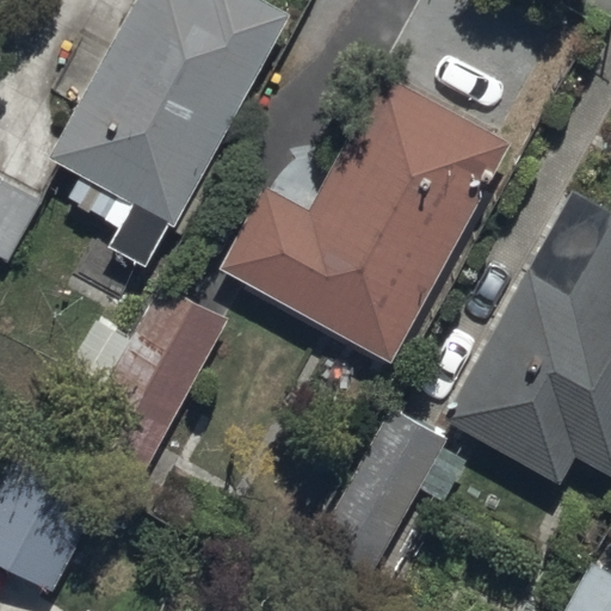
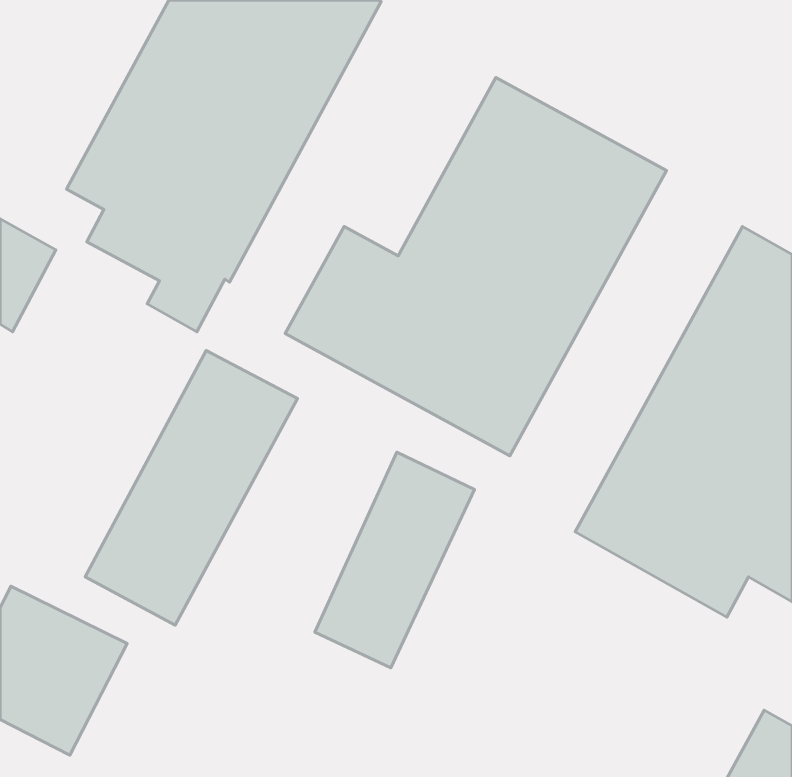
building: [320,407,443,573] -> [315,452,474,668]

